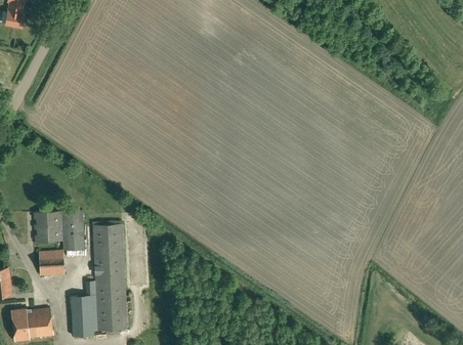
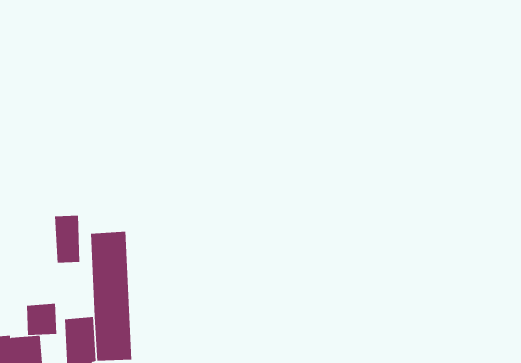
building: [35,210,61,241] -> none
building: [39,249,65,275] -> [26,303,57,335]

